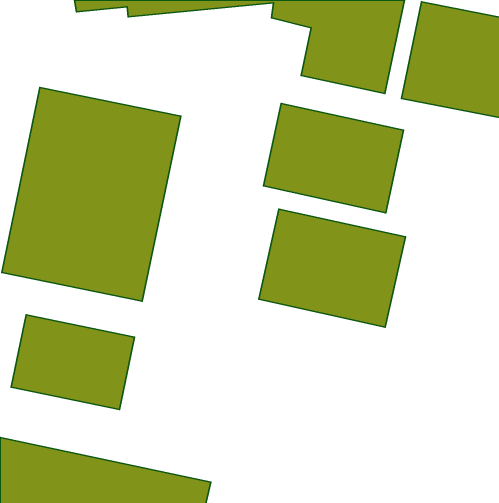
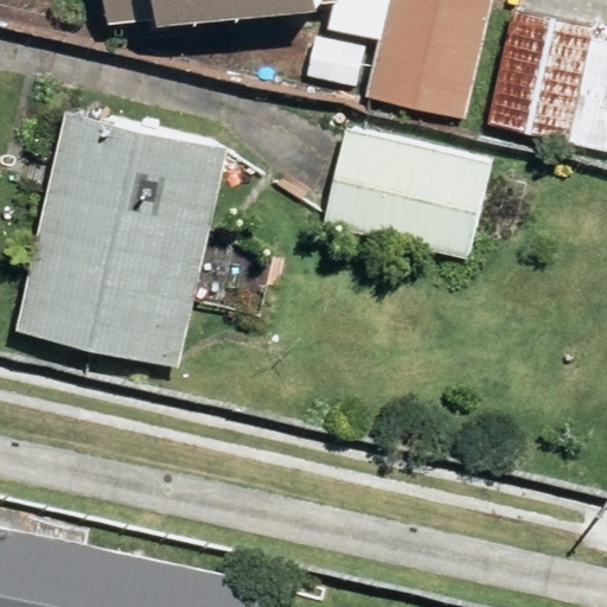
building: [259,209,405,327] -> none
building: [11,315,134,409] -> none

